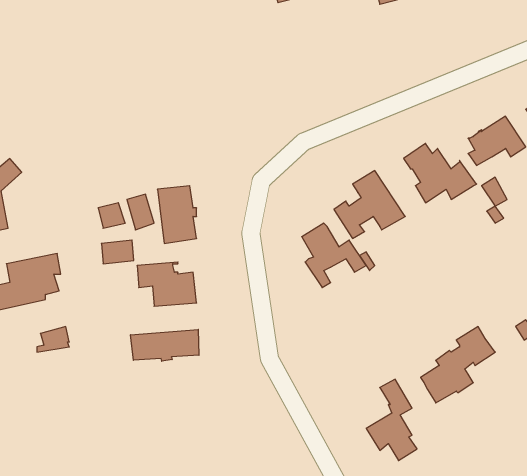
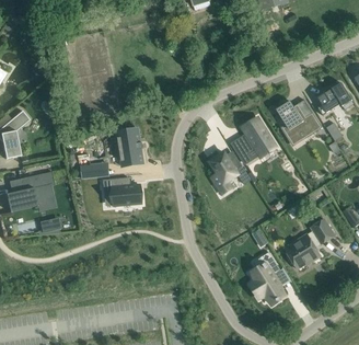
building: [131,329,199,361] -> none

